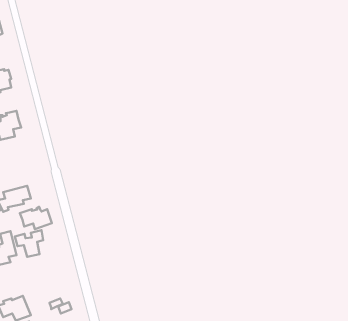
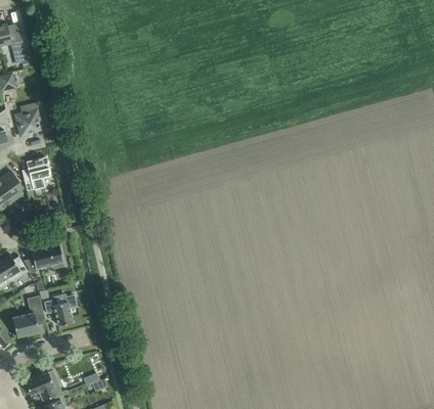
building: [20,207,52,229] -> none

